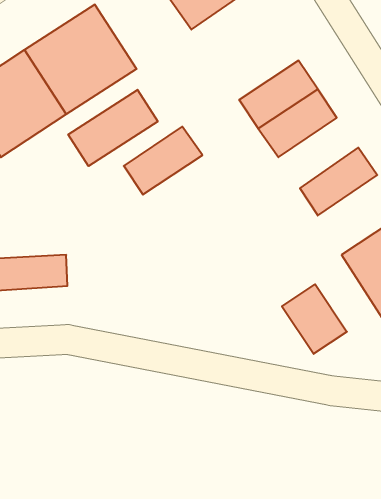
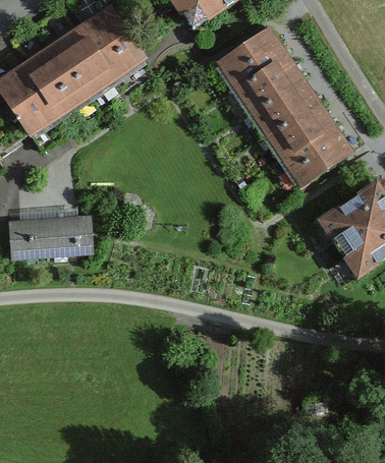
building: [68,90,158,166] -> none
building: none -> [267,103,335,163]
building: [124,127,202,195] -> [217,30,284,88]
building: [282,284,347,354] -> none

